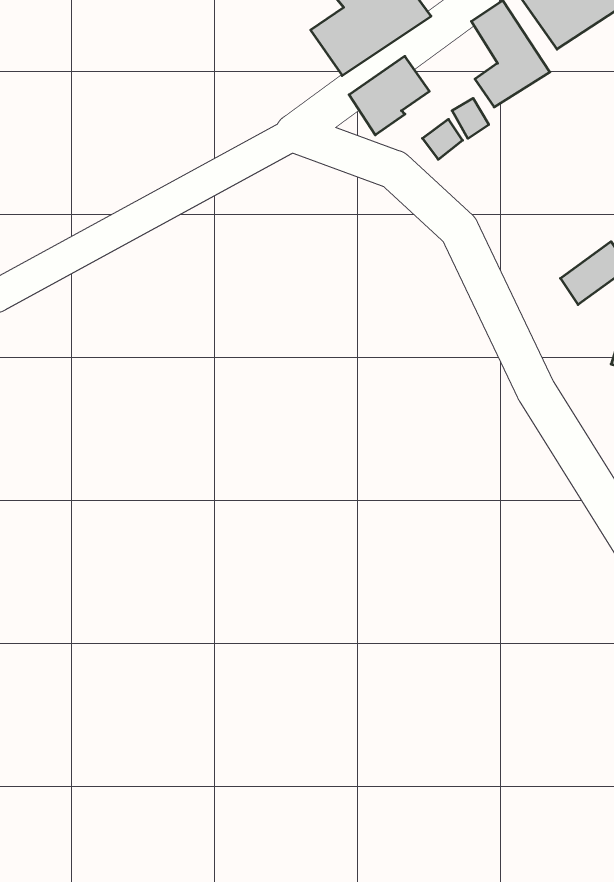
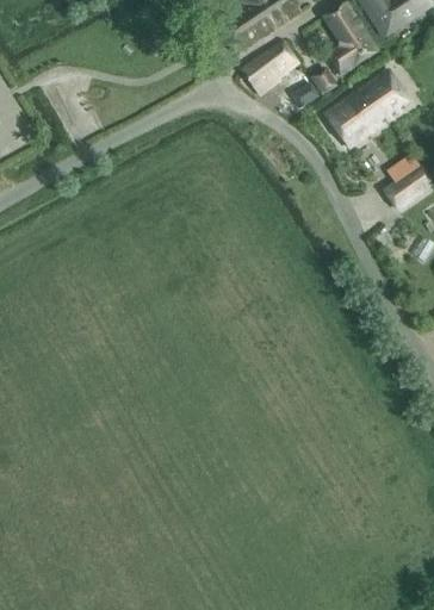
building: none -> [326,70,409,147]

